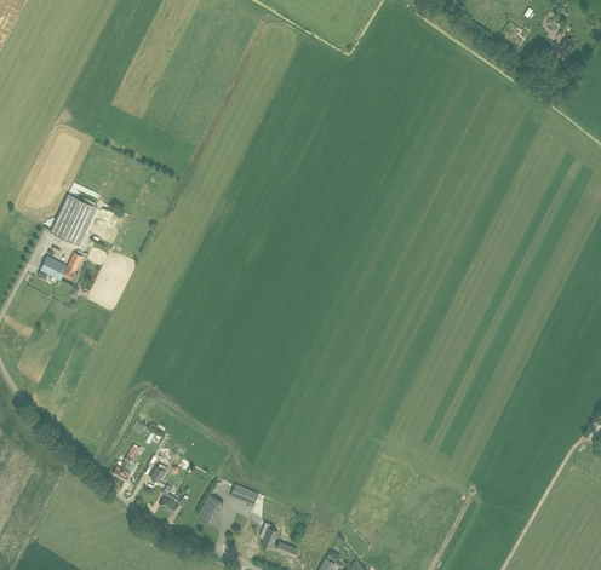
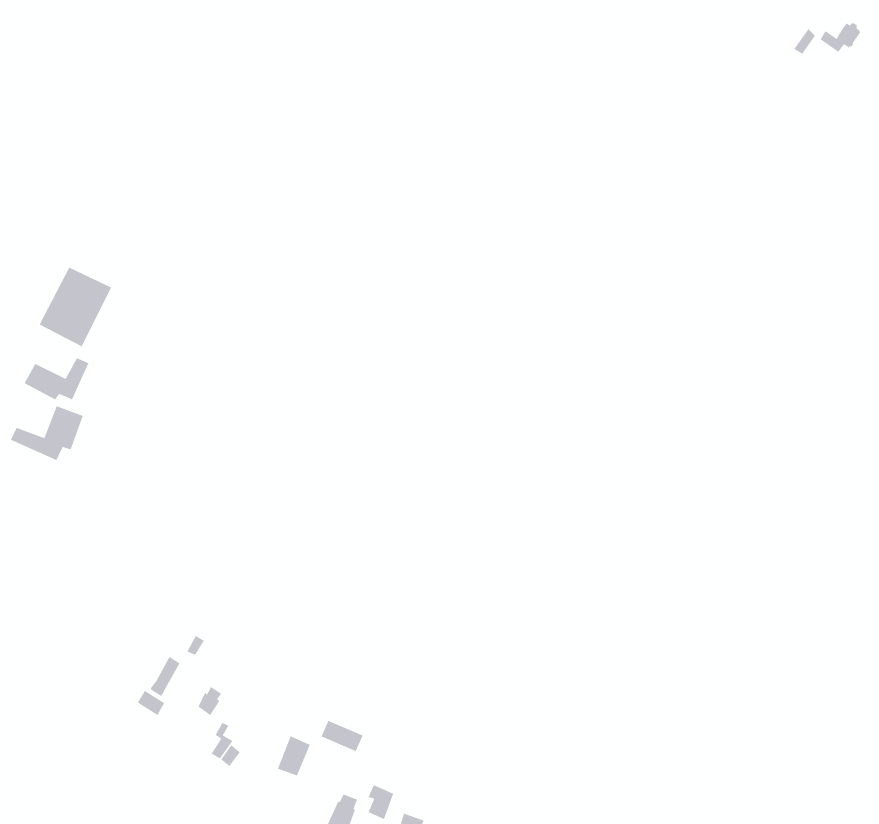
building: none -> [10,405,84,461]

